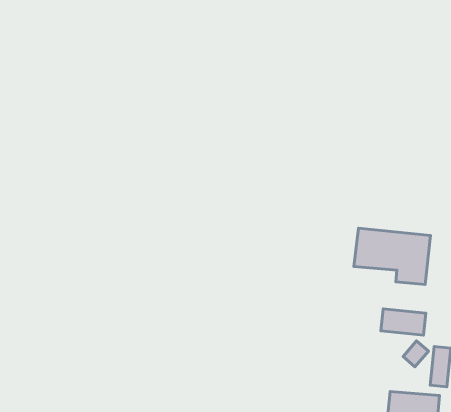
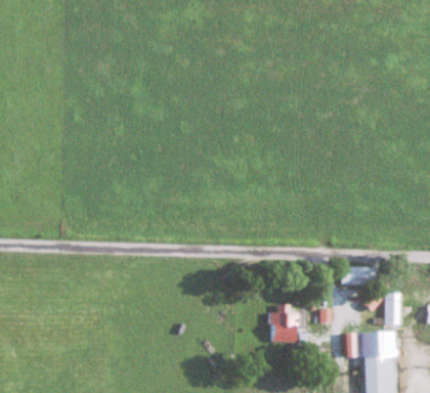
building: [354,228,431,284] -> none
building: none -> [272,306,297,342]

